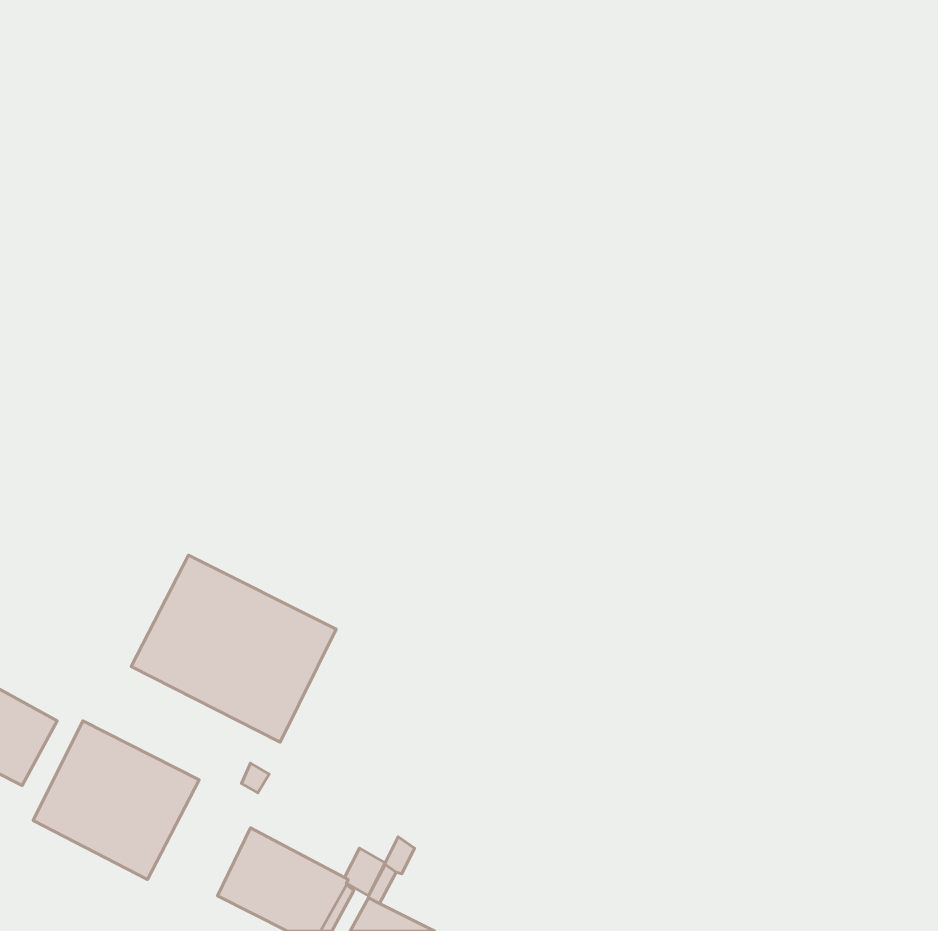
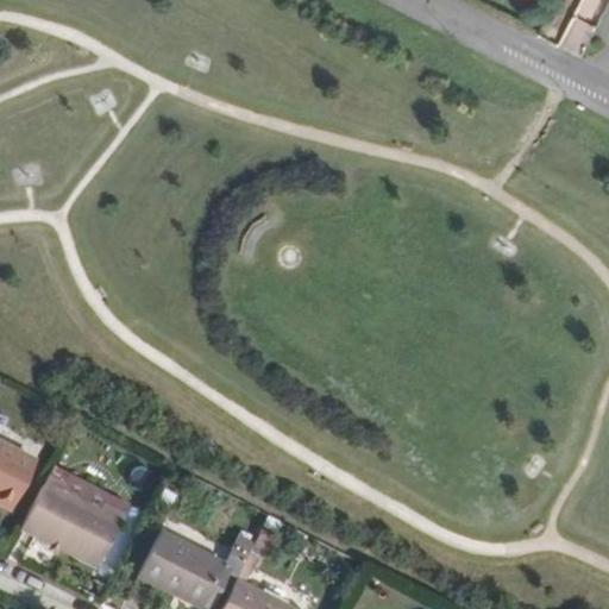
building: [131,555,336,742] -> none

